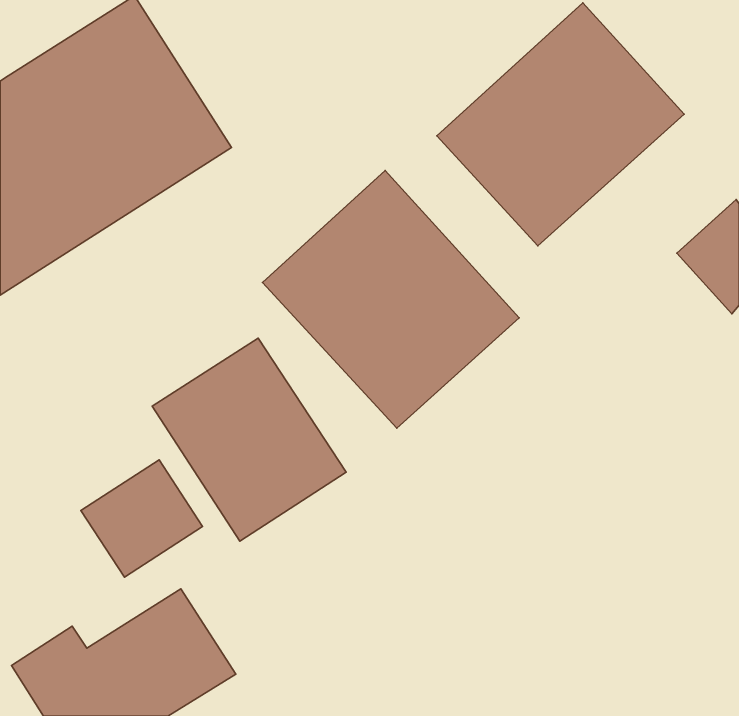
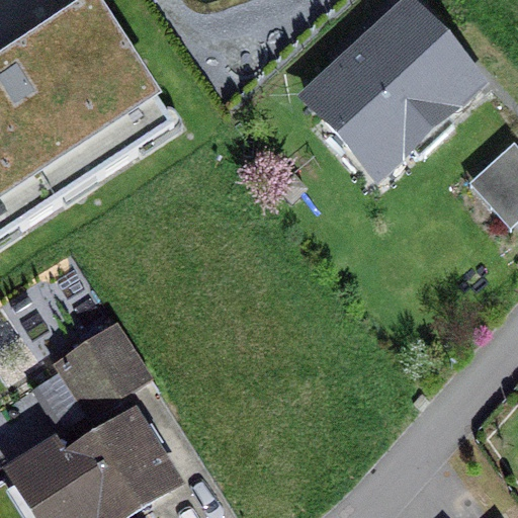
building: [263,171,519,428] -> none
building: [152,338,346,541] -> none

